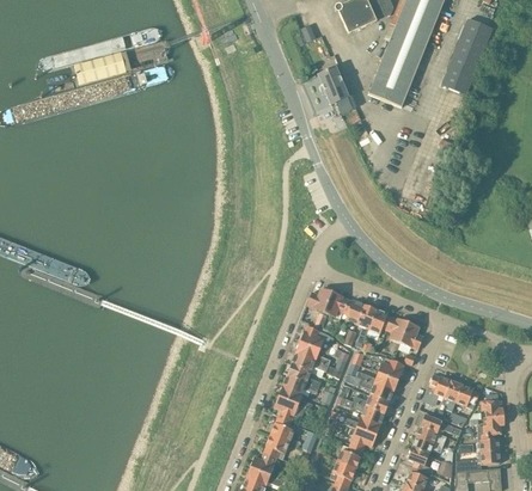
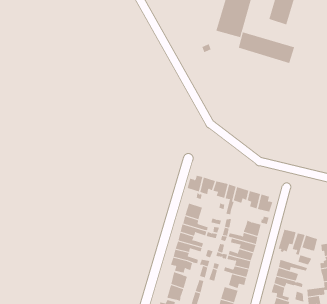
building: [318,66,350,104] -> none
building: none -> [238,31,295,64]

